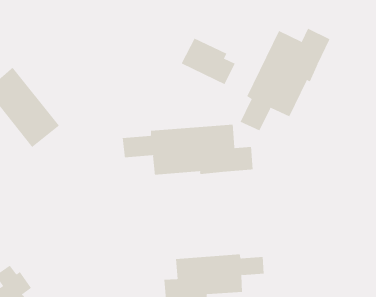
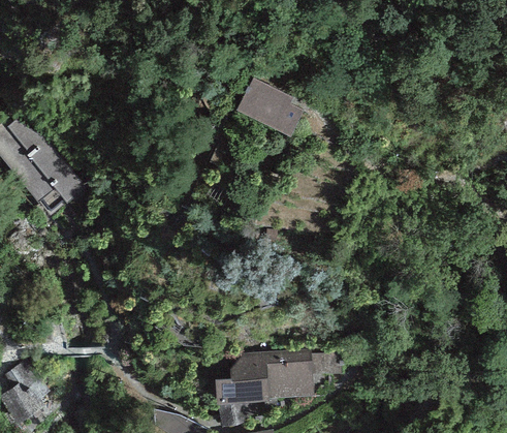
building: [240,28,330,131] -> none
building: [122,124,253,176] -> none

